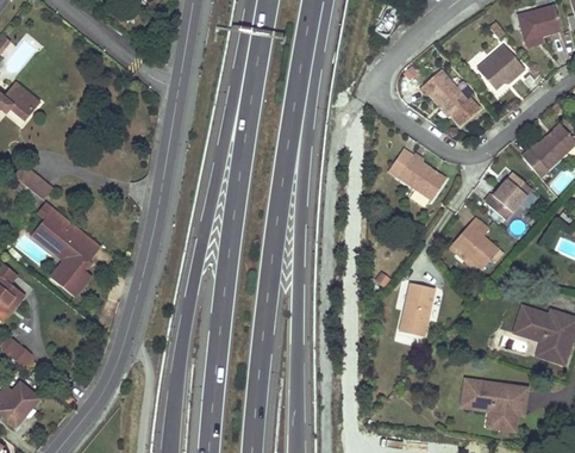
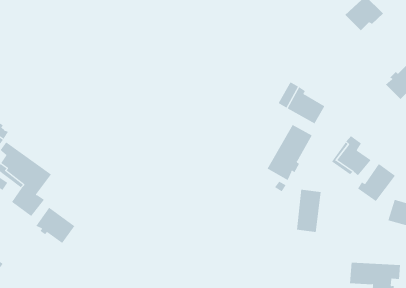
building: [419,69,480,128] -> none
building: [483,173,532,221] -> [357,163,396,202]
building: none -> [267,124,312,181]
building: none -> [36,207,75,244]

